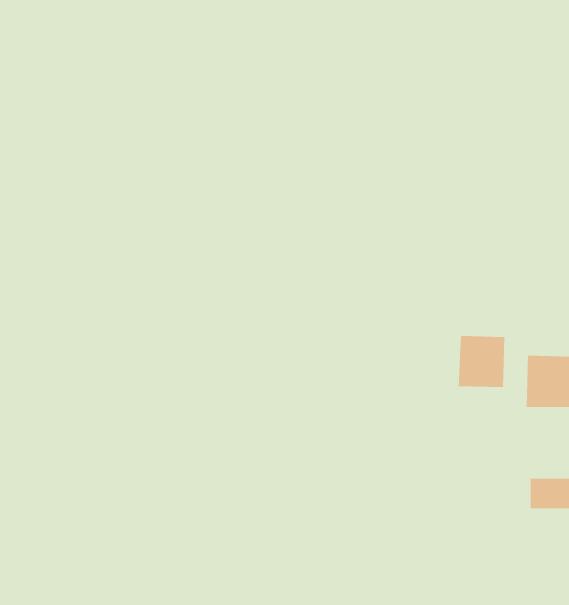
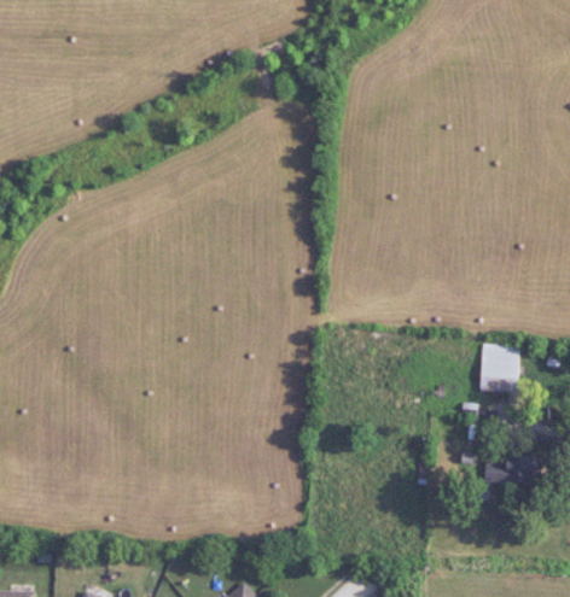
building: [458,335,505,388] -> none

